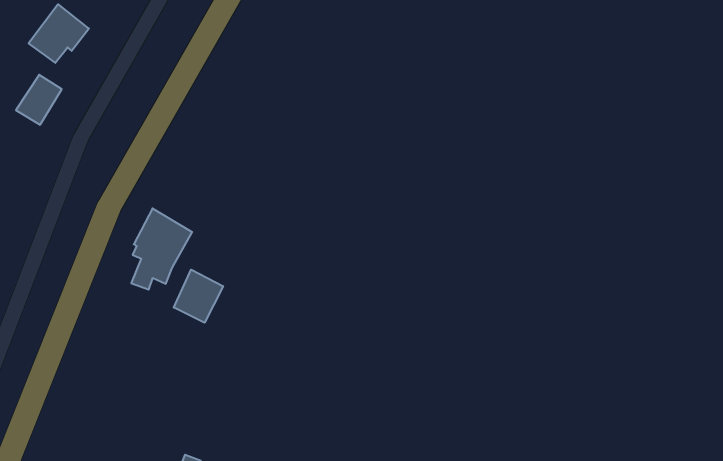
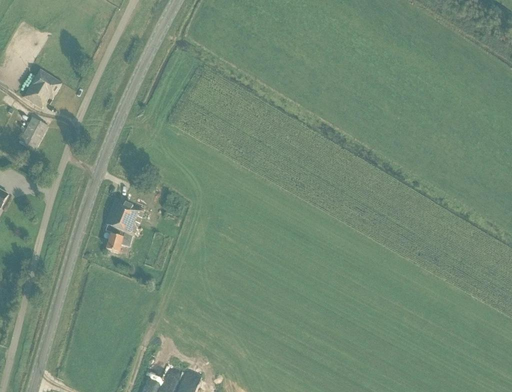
building: [174,270,223,323] -> none

